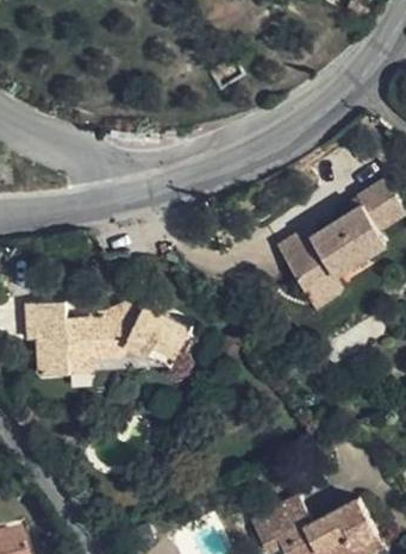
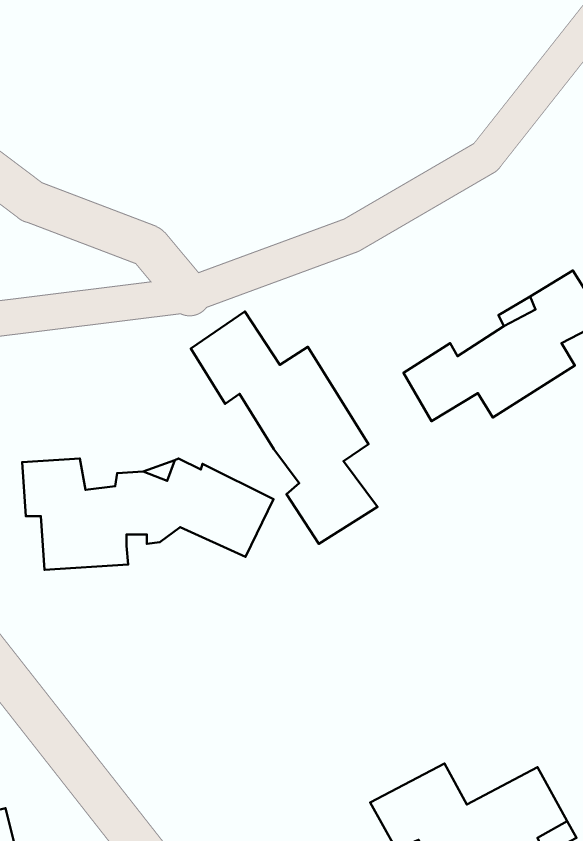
building: none -> [191,312,378,544]
building: [292,262,339,310] -> none

